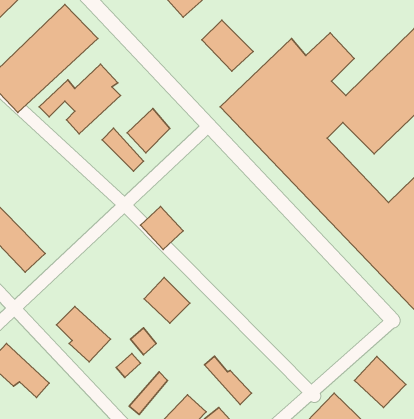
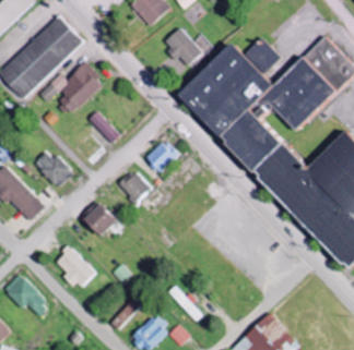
building: [127,109,170,153] -> [146,138,179,172]
building: none -> [34,152,72,186]
building: [144,277,190,323] -> [81,200,116,234]
building: [354,356,406,407] -> none

